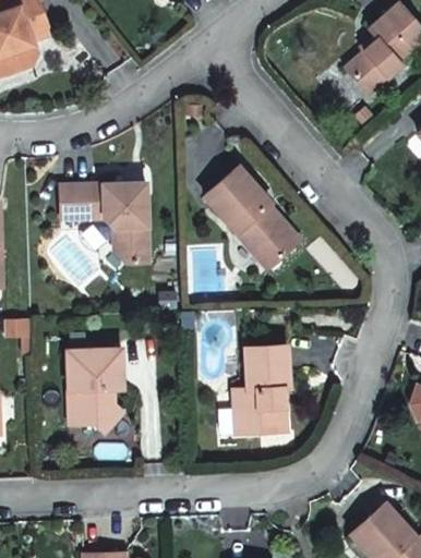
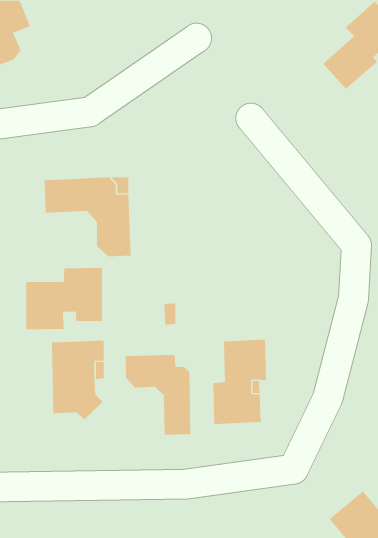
building: [204,166,301,268] -> none
building: none -> [26,267,102,330]
building: none -> [125,354,191,435]

